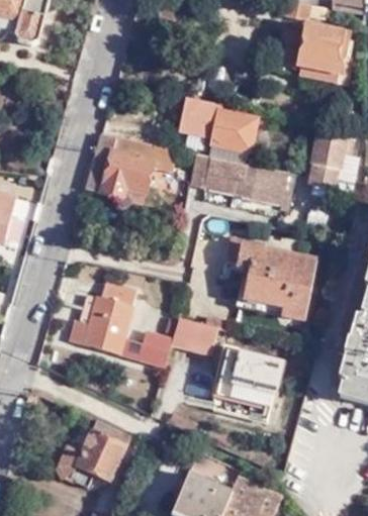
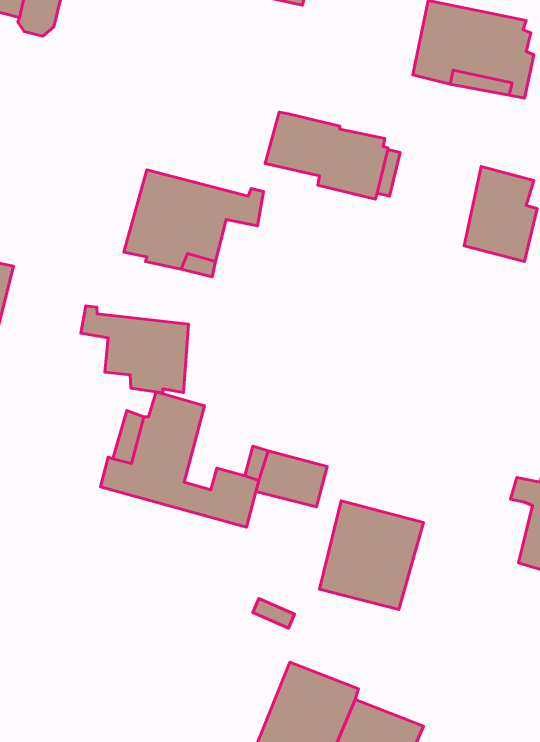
building: [188,153,295,207] -> none
building: none -> [81,306,189,393]
building: [223,231,317,319] -> none
building: [60,422,130,490] -> none

